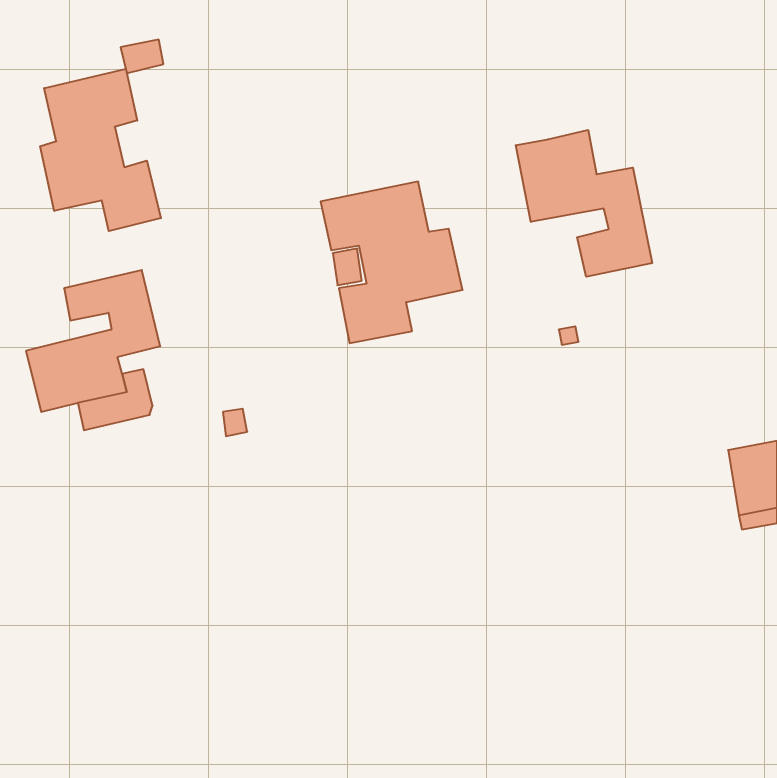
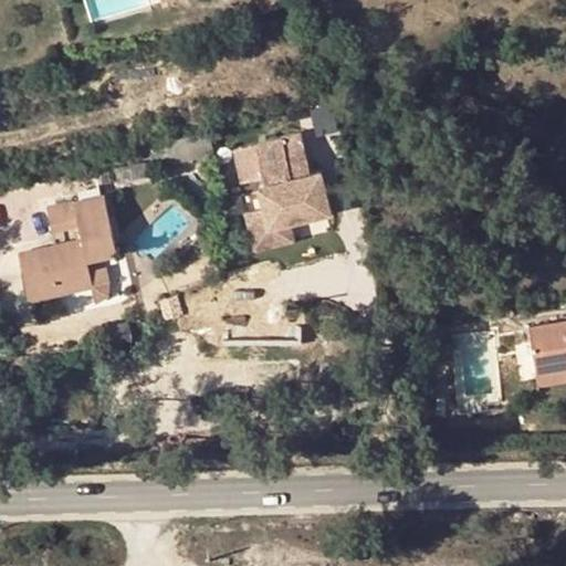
building: [40,69,161,231] -> none
building: [516,130,652,277] -> none

